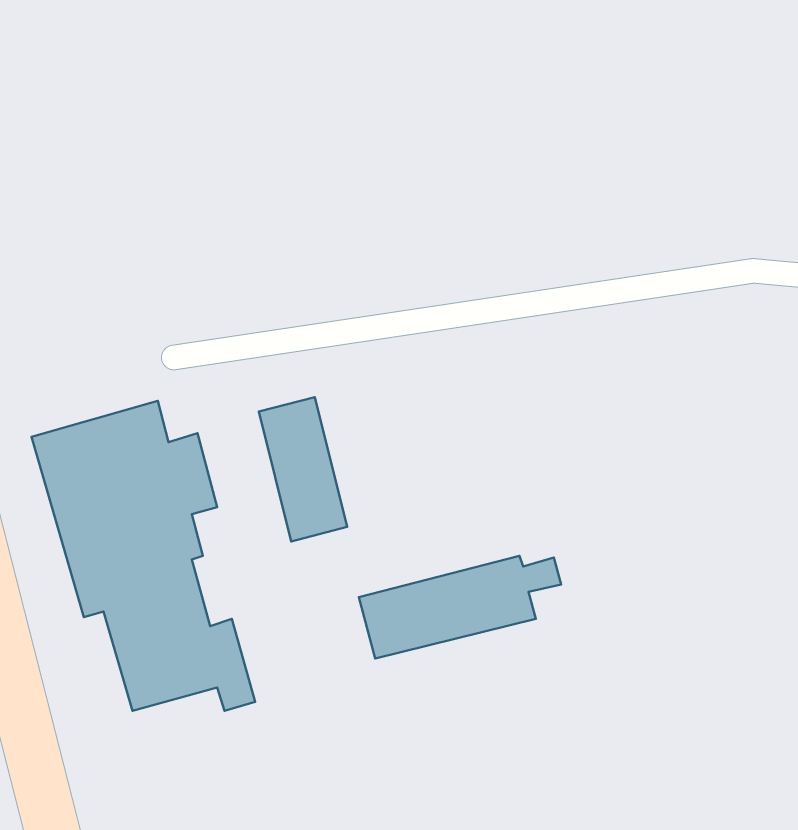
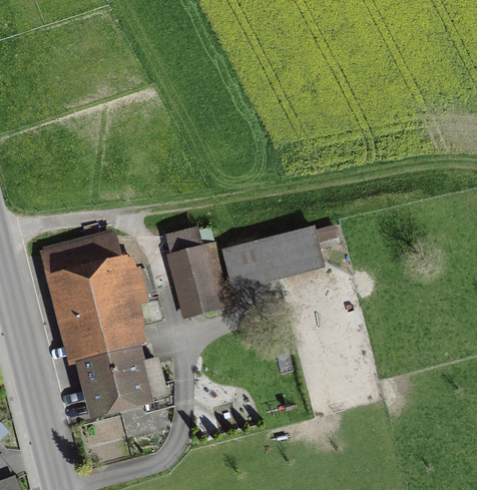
building: [359,556,561,659] -> [223,226,336,284]

